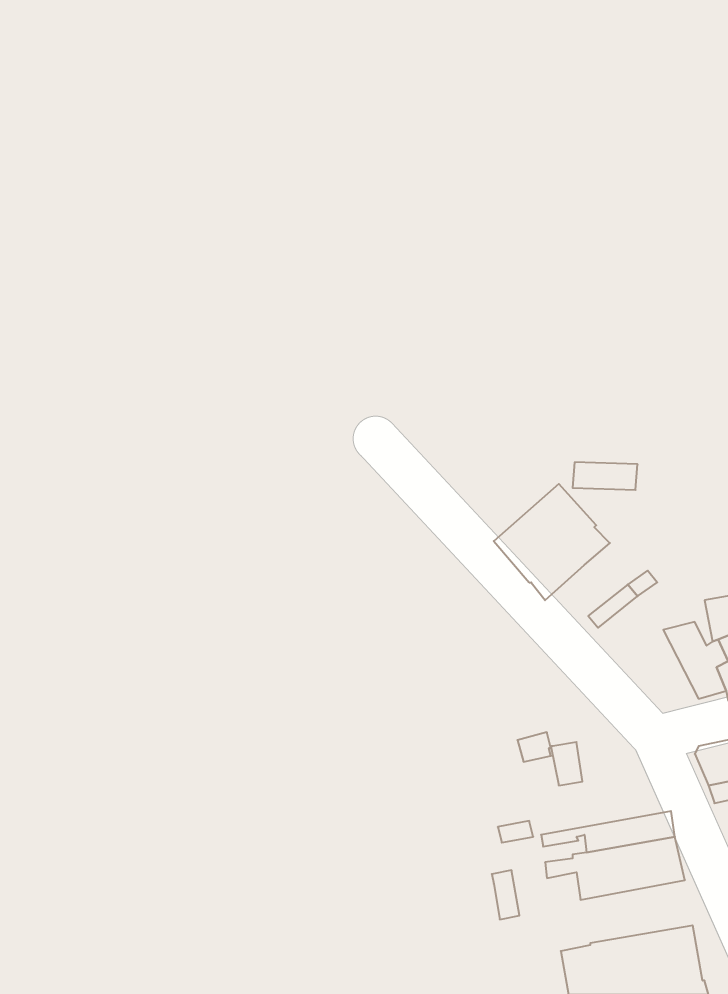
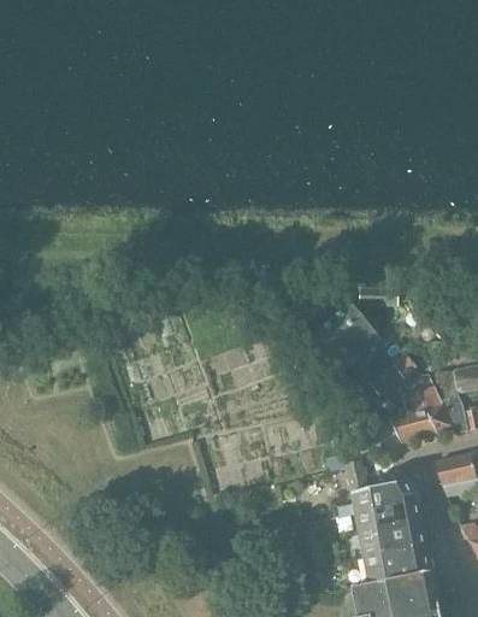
building: none -> [388,390,436,441]
building: none -> [337,481,419,516]
building: none -> [364,543,432,582]

